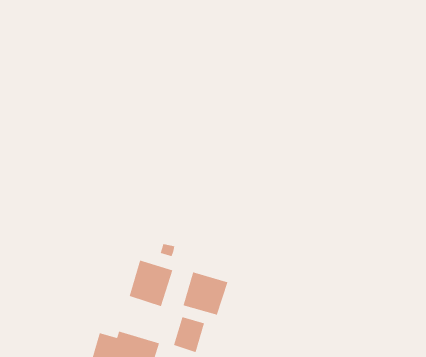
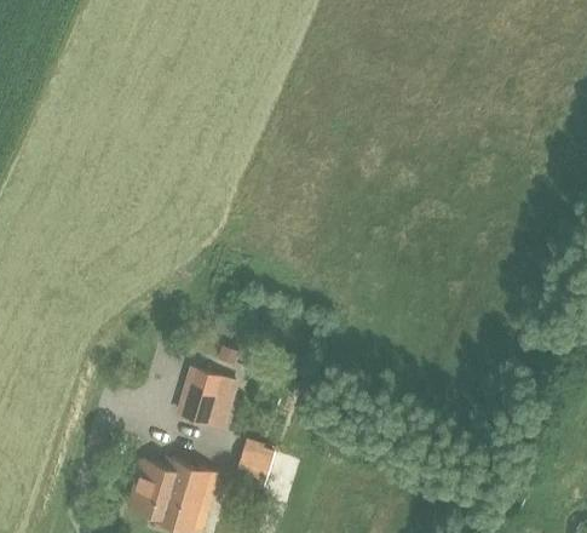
building: [183,271,228,316] -> none

